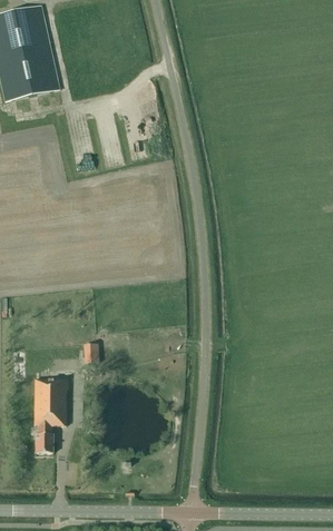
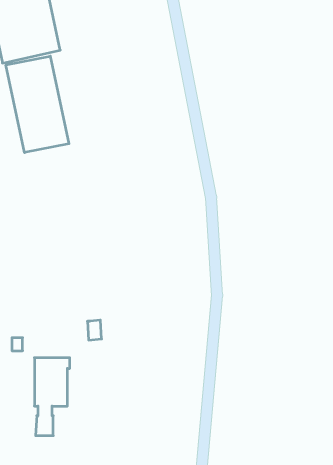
building: none -> [6,56,69,153]

